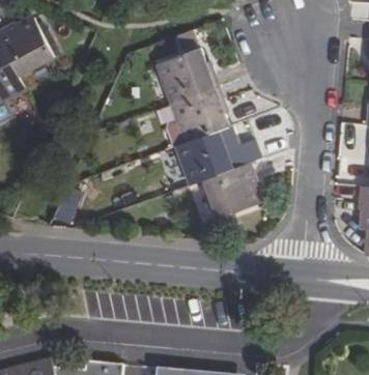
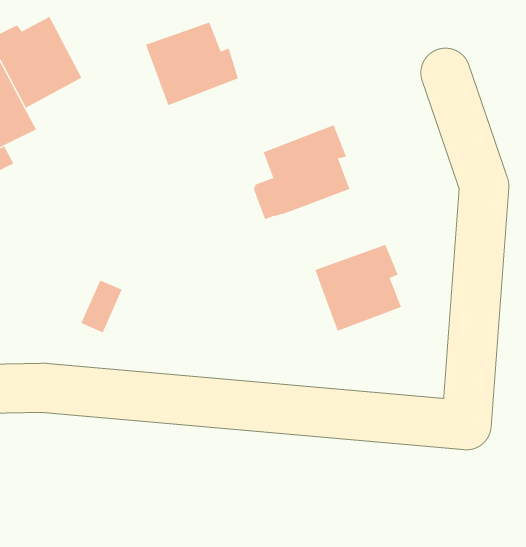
building: [155,50,216,104] -> [145,22,239,106]
building: [176,127,259,184] -> none

